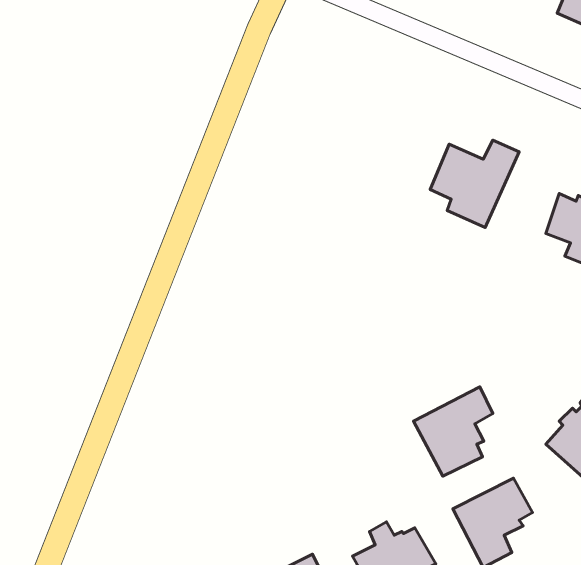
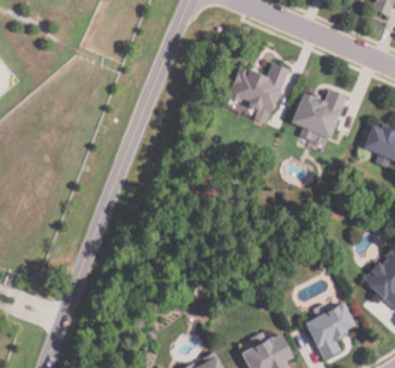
building: none -> [226,61,291,125]
building: [413,387,493,476] -> none

